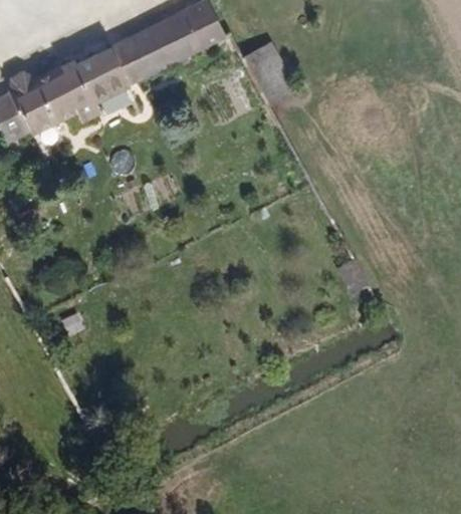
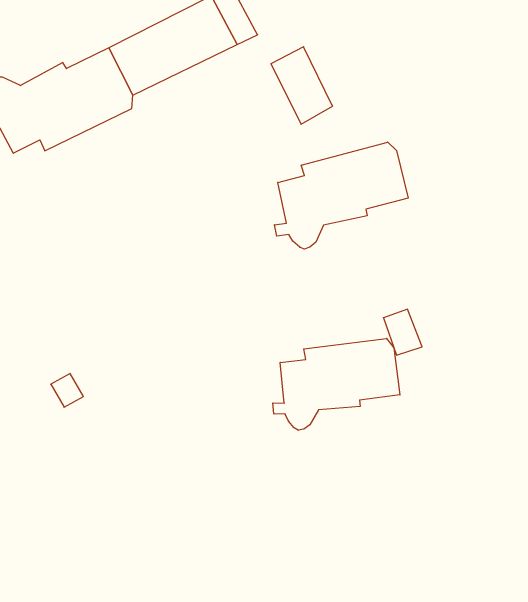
building: none -> [274,142,408,249]
building: none -> [273,338,400,430]

